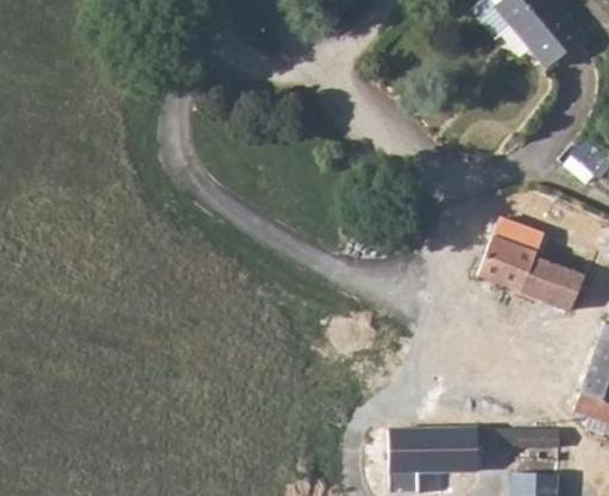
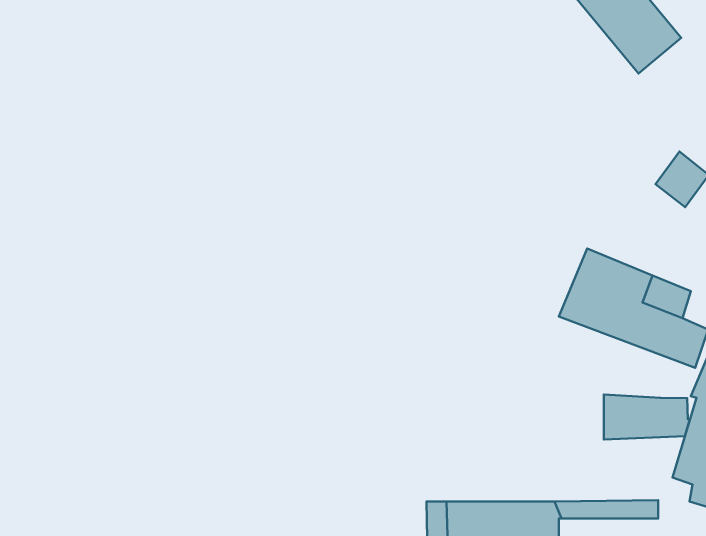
building: none -> [604,394,690,440]

